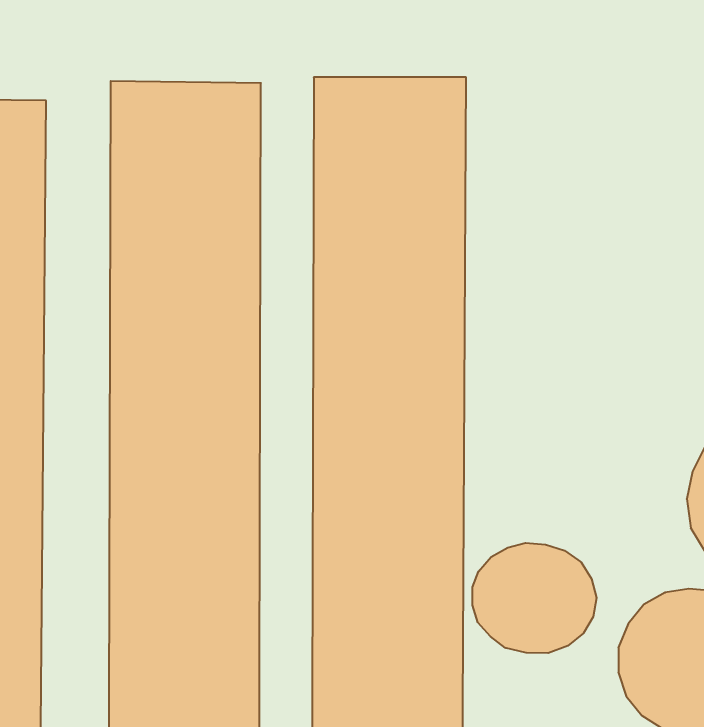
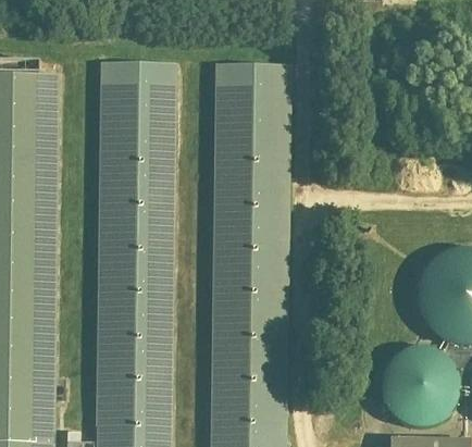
building: [472,543,597,653] -> none

